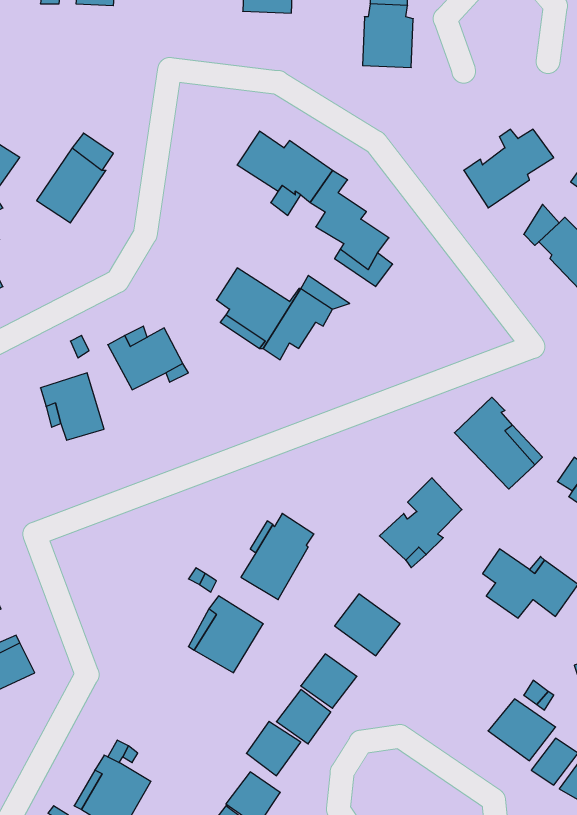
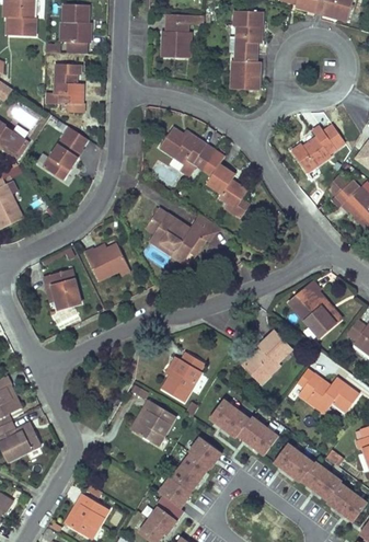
building: none -> [54,64,84,114]
building: none -> [244,415,284,452]
building: none -> [279,441,319,477]

